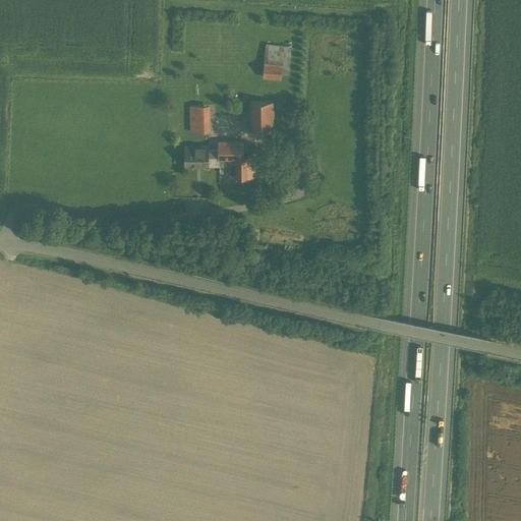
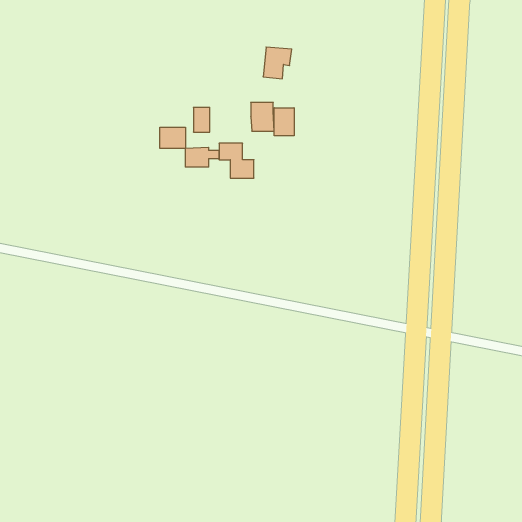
building: none -> [274,108,294,136]
building: none -> [160,127,185,148]

